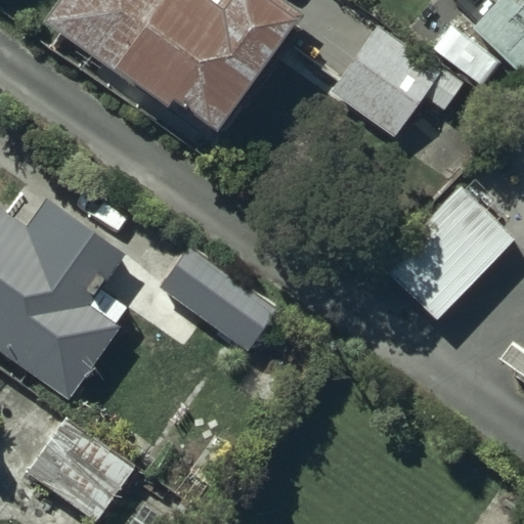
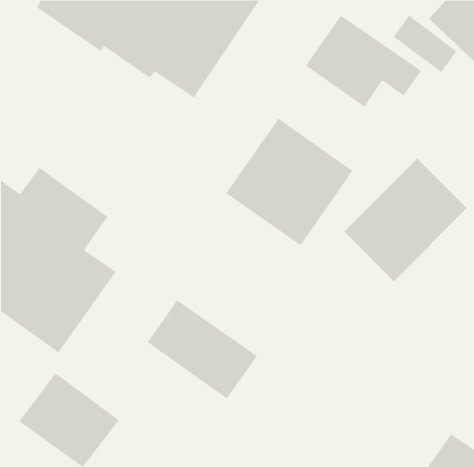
building: none -> [226,118,353,246]
building: [155,248,276,357] -> [147,299,258,399]

